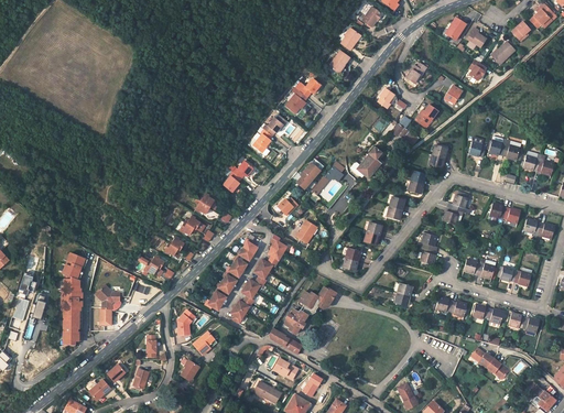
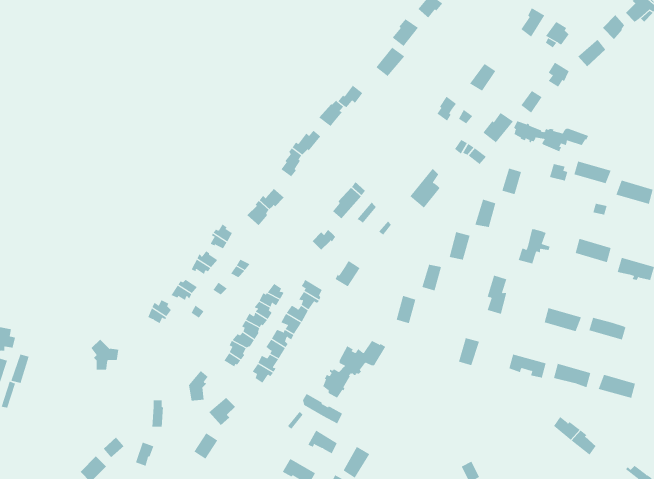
building: none -> [513,120,589,152]
building: [61,253,86,347] -> none

